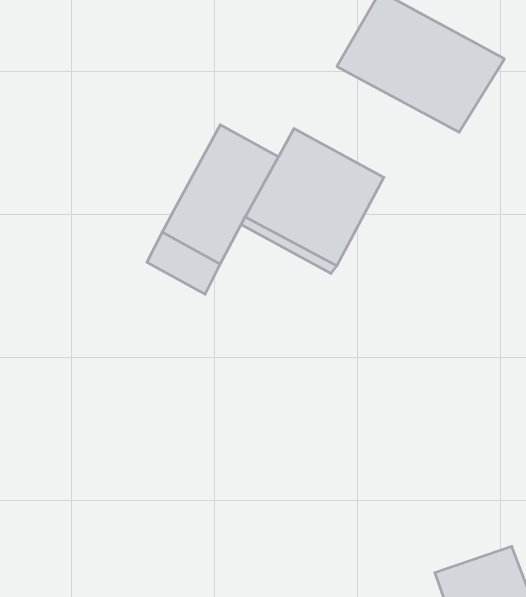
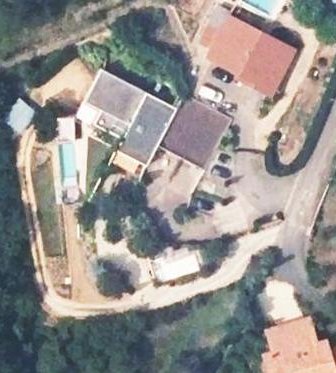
building: none -> [78,68,148,138]

